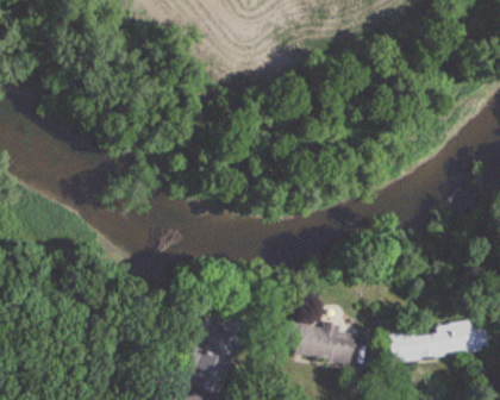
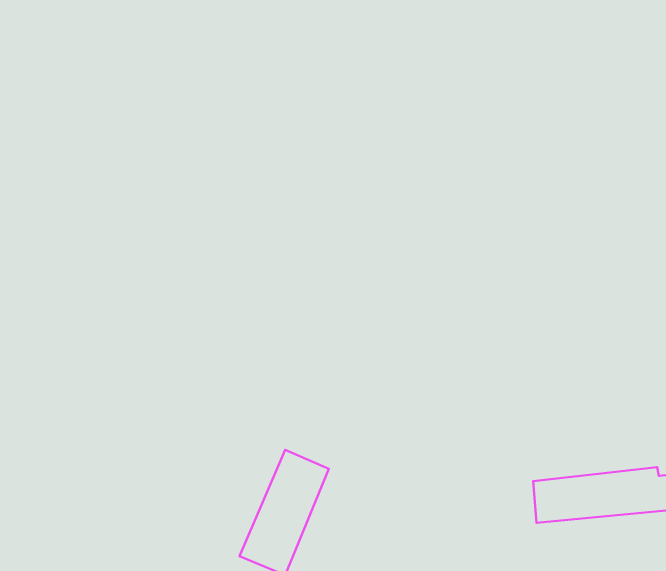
building: [282,323,355,362] -> none

